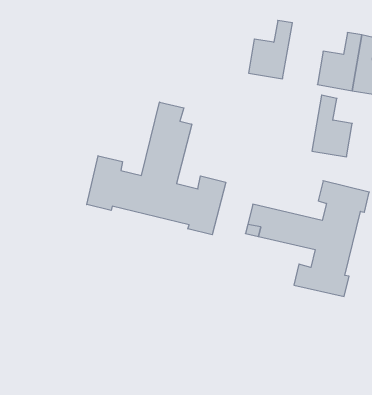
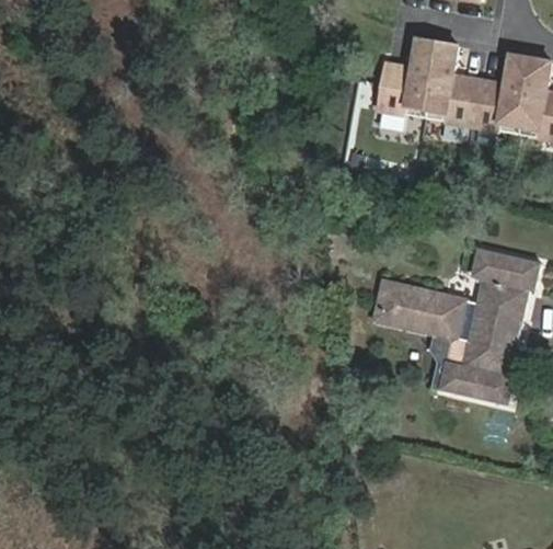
building: [312,95,352,157] -> [423,36,477,119]
building: [87,102,226,235] -> none

